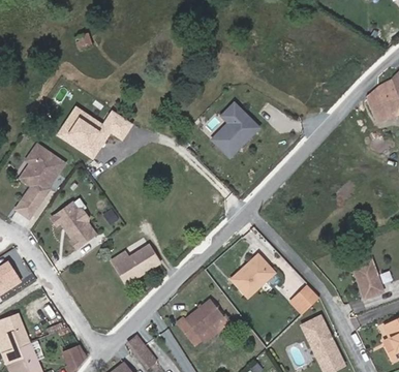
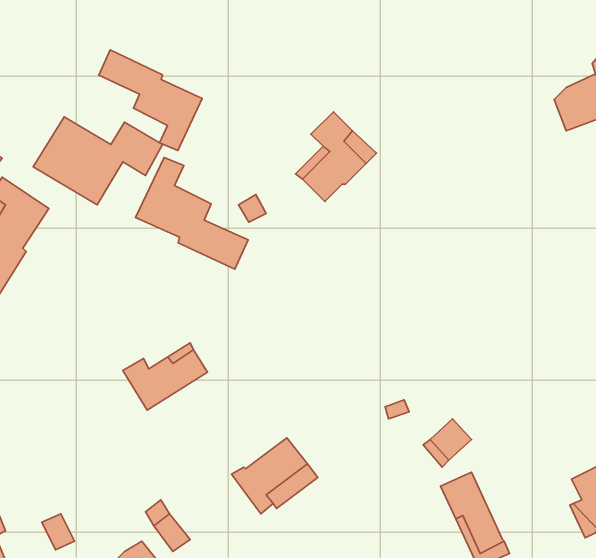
building: none -> [99,50,202,150]
building: none -> [136,157,248,269]
building: [55,204,98,248] -> none
building: [234,257,274,297] -> none
building: [350,257,381,297] -> none

